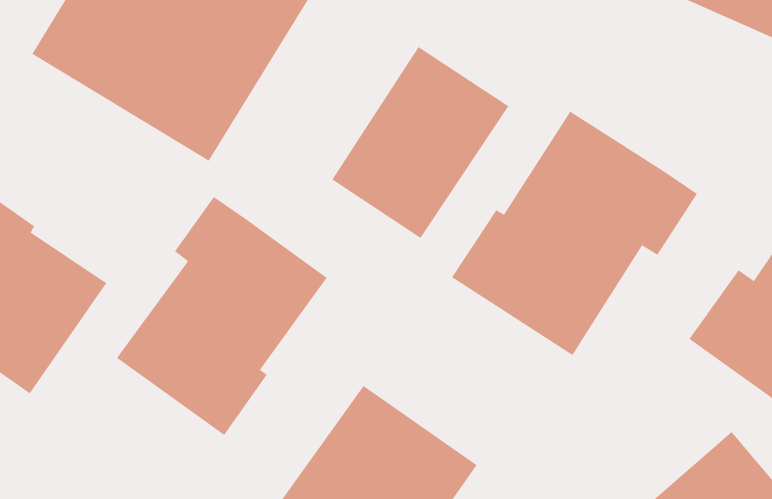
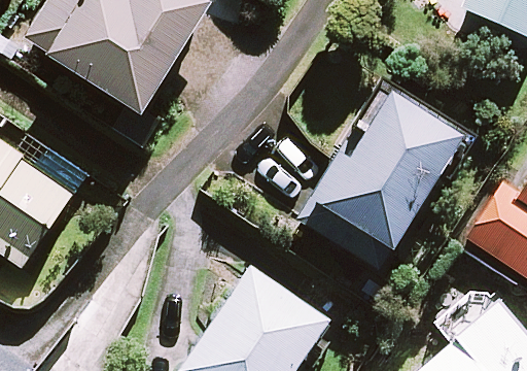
building: [332,46,509,239] -> none
building: [116,196,328,436] -> none

